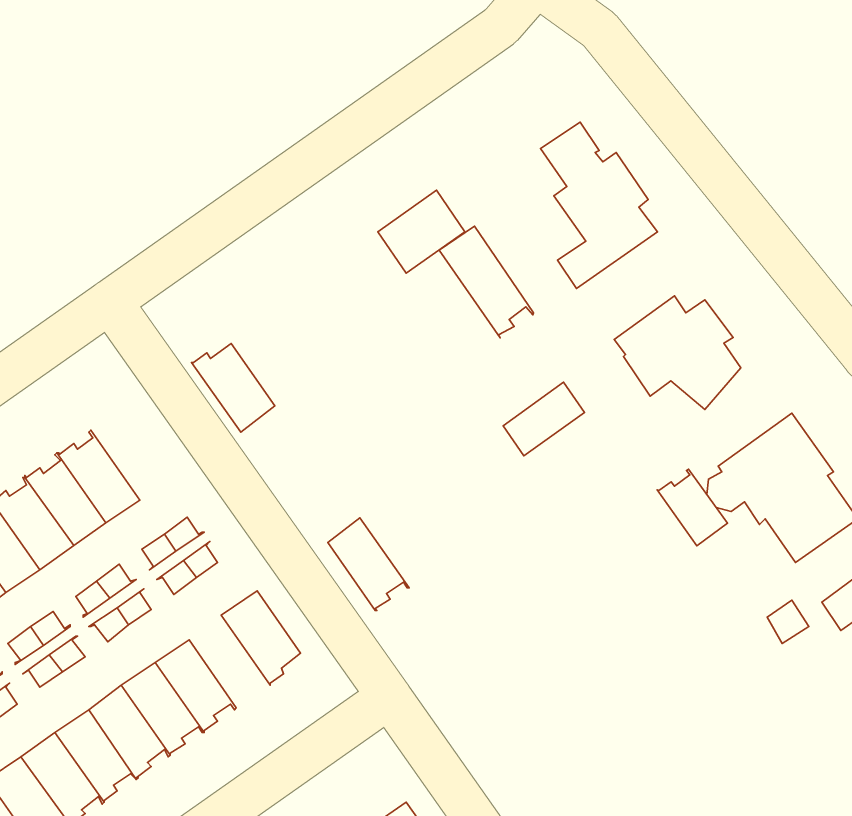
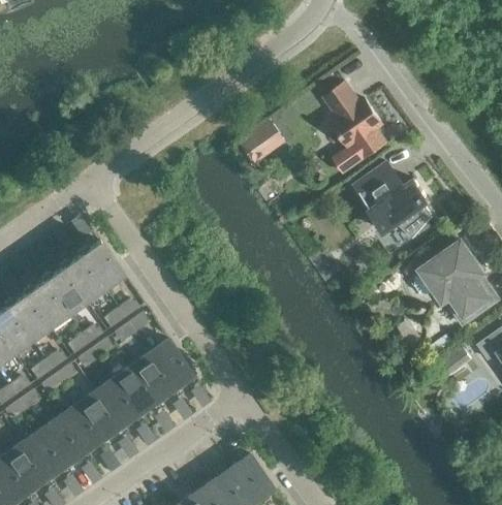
building: [439,226,533,338] -> none
building: [192,343,275,432] -> [77,241,123,289]
building: [503,382,584,456] -> [352,161,397,201]
building: [657,469,727,546] -> none
building: [328,518,409,610] -> [131,352,176,403]

